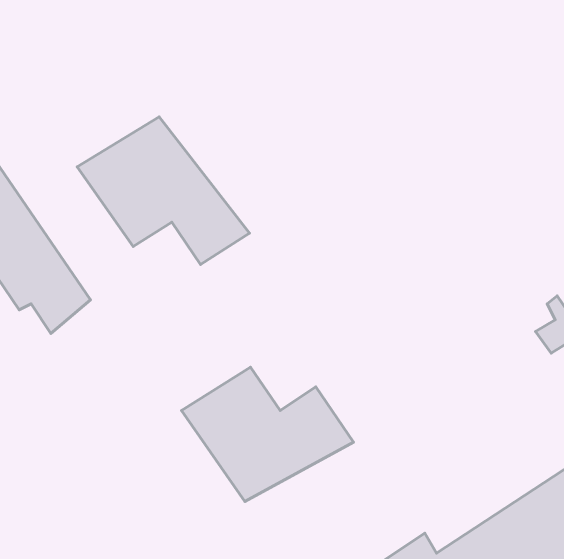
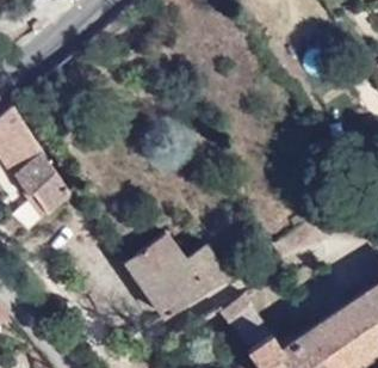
building: [77,117,249,264] -> none

